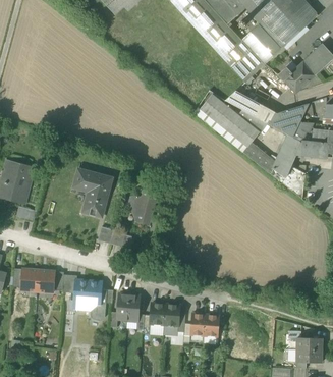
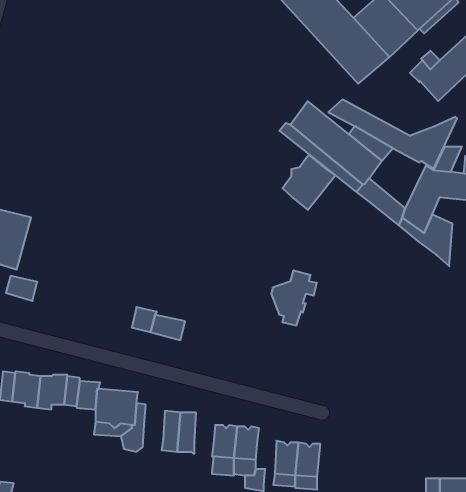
building: none -> [282,155,335,210]
building: [74,169,112,216] -> none
building: [131,186,161,222] -> [271,270,317,325]

